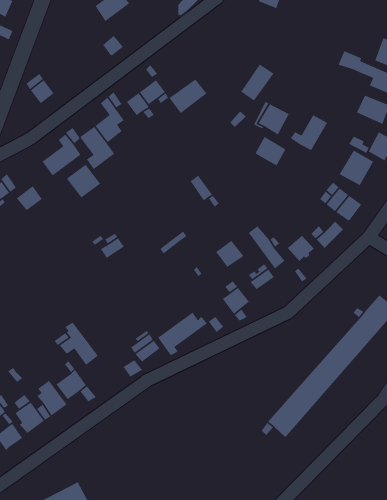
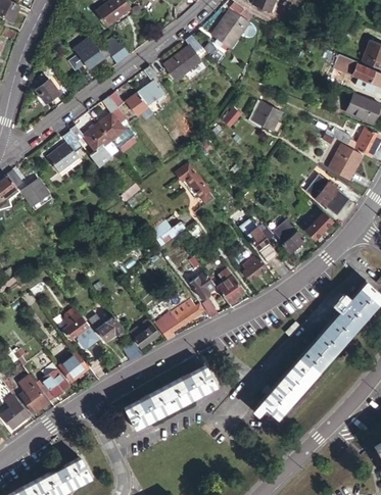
building: none -> [74,38,109,68]
building: [240,64,275,101] -> [216,12,248,48]
building: [169,79,207,114] -> [163,46,200,80]
building: [290,114,328,151] -> none
building: [254,136,286,167] -> none
building: [66,164,101,199] -> none
building: [215,240,244,268] -> [189,271,217,298]
building: none -> [88,314,121,341]
building: none -> [125,367,216,428]

